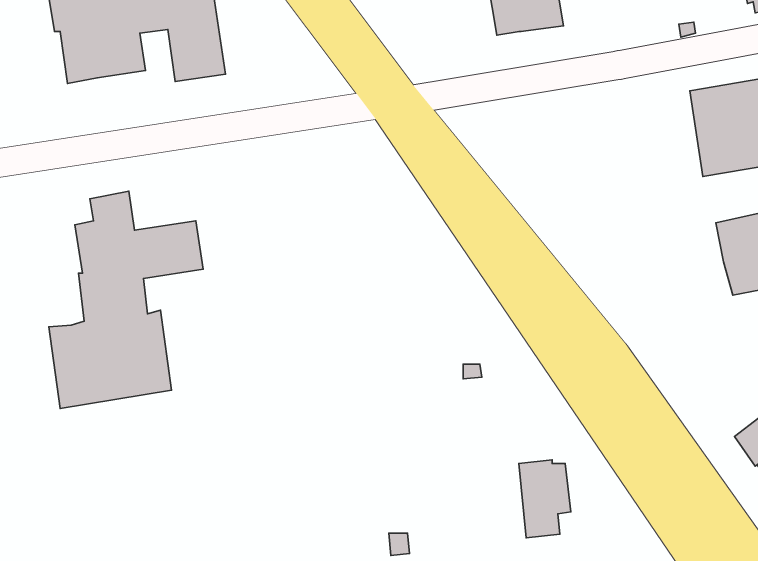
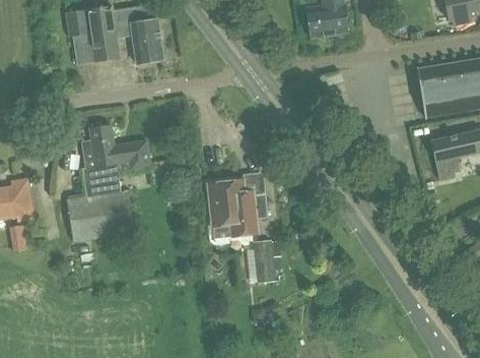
building: none -> [208,178,268,238]
building: [519,460,571,538] -> [254,239,282,282]

